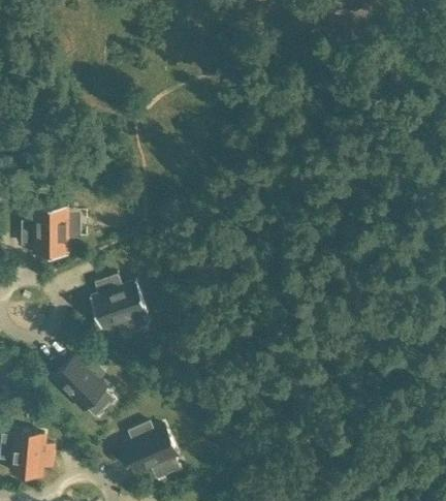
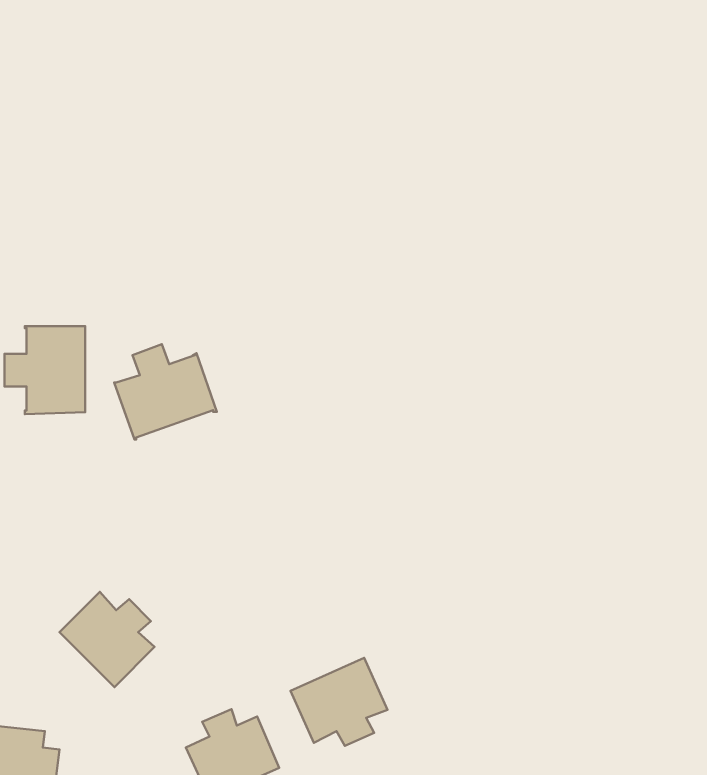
building: [91,278,149,332] -> [114,344,217,439]
building: none -> [291,658,387,746]

